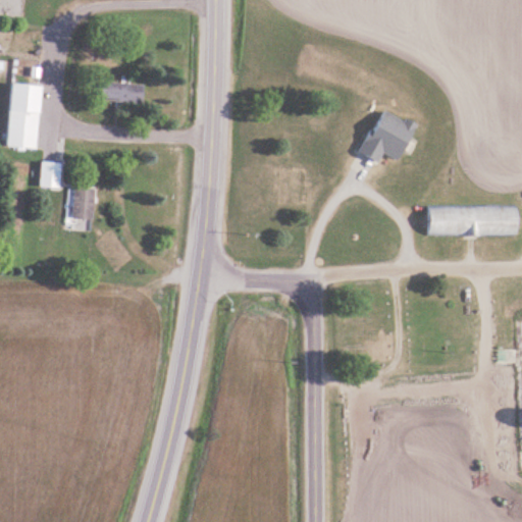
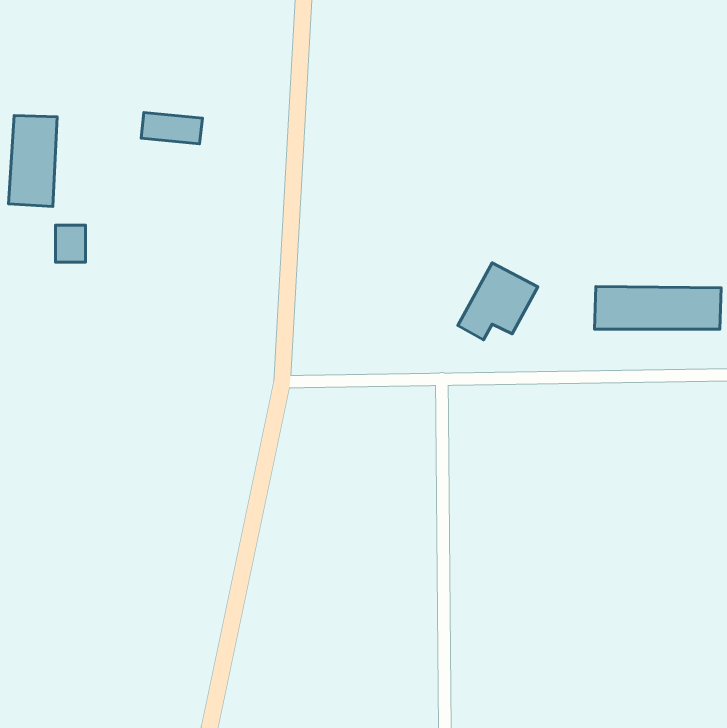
building: [357,108,414,163] -> [458,263,538,340]
building: [68,188,95,219] -> none

